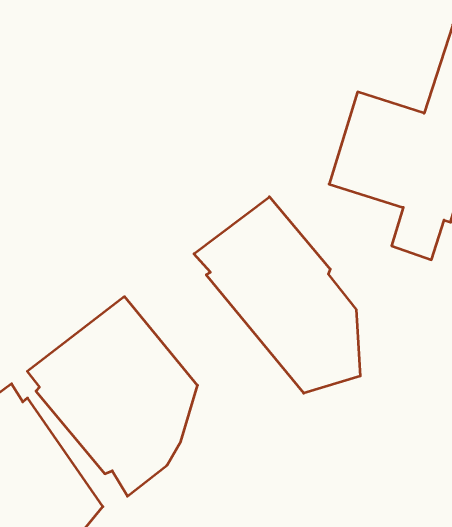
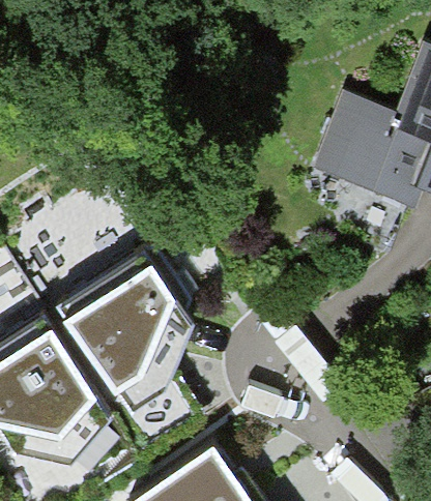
building: [194,197,360,393] -> none

